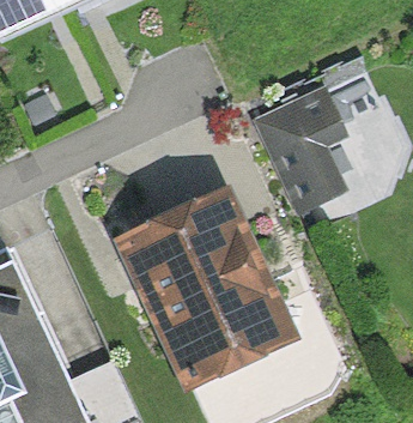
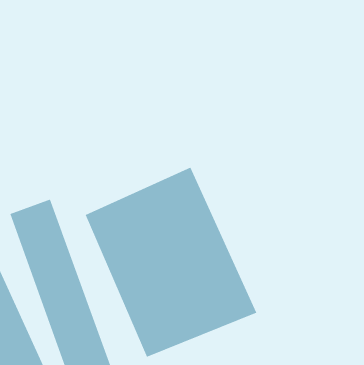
building: [261,71,379,217] -> none

